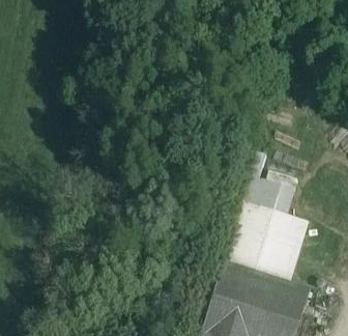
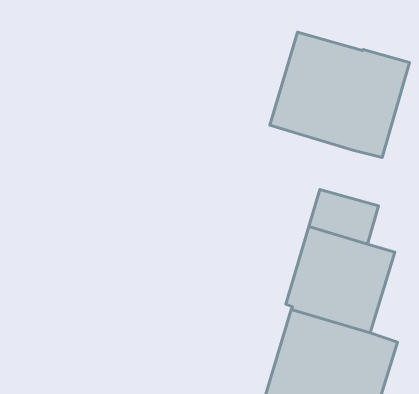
building: none -> [270,32,409,157]

